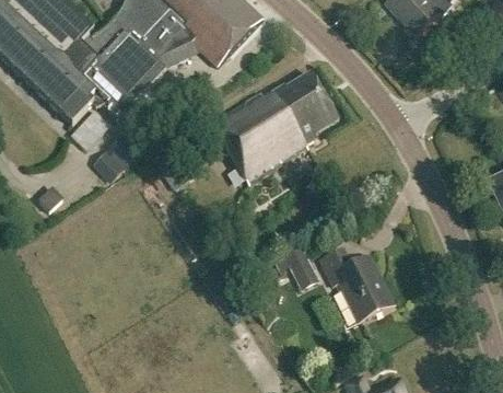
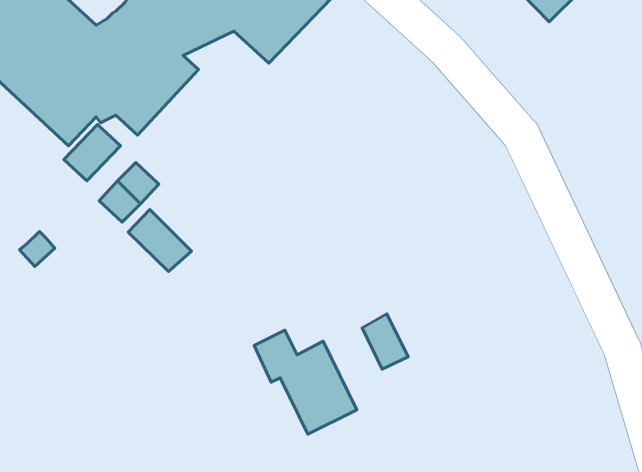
building: [211,71,339,182] -> none
building: none -> [128,209,191,272]
building: [320,246,394,321] -> [254,330,357,434]

